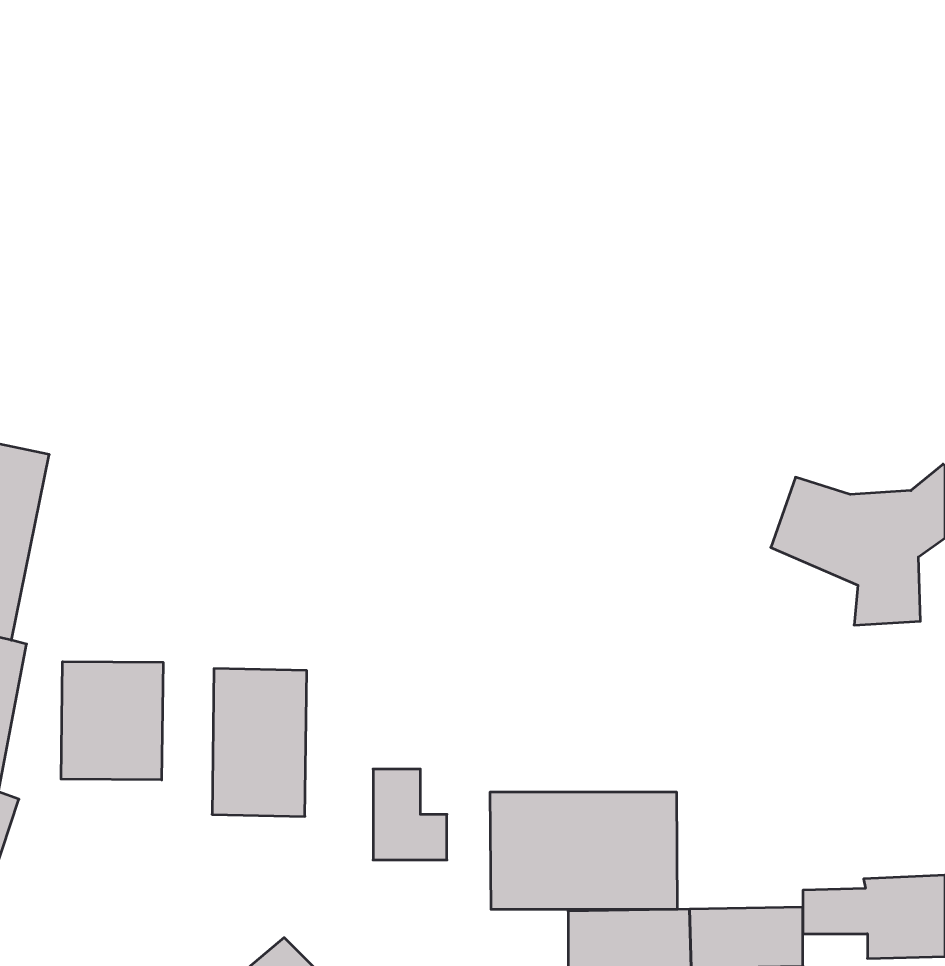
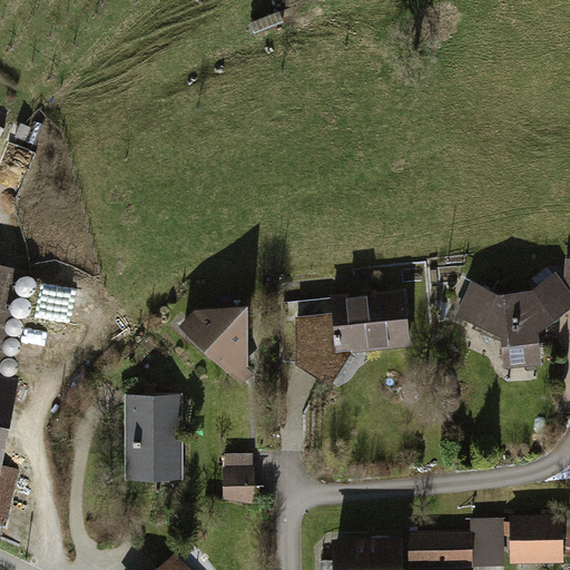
building: none -> [291,288,412,385]
building: none -> [179,299,255,385]
building: [61,662,163,780] -> none
building: [490,792,677,909] -> none

